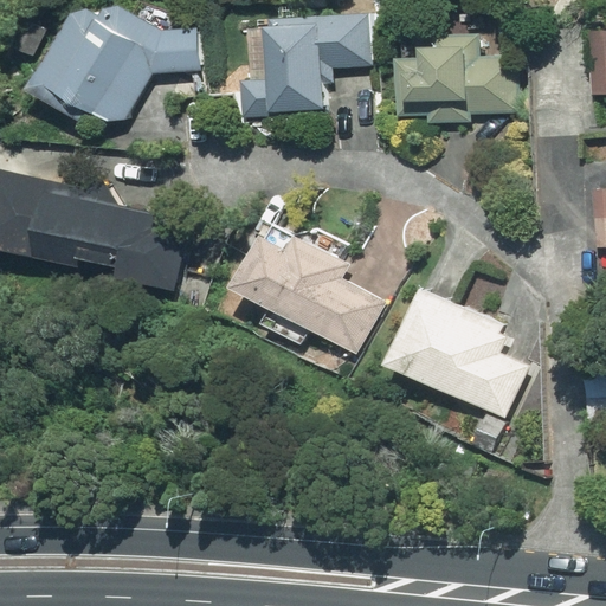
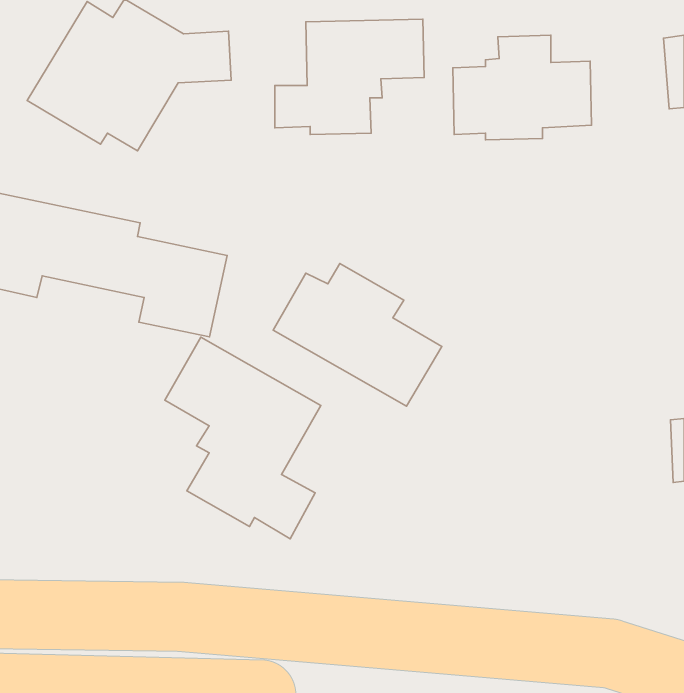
building: [382,288,533,456] -> none
building: none -> [165,337,321,539]

